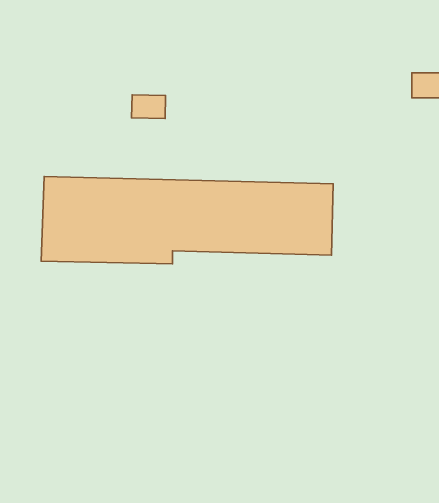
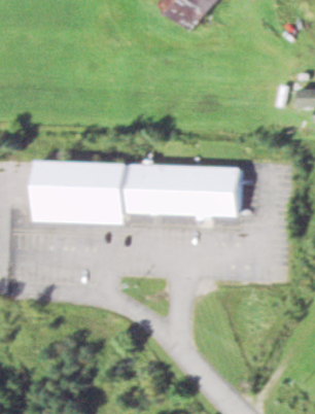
building: [131,95,166,119] -> none

